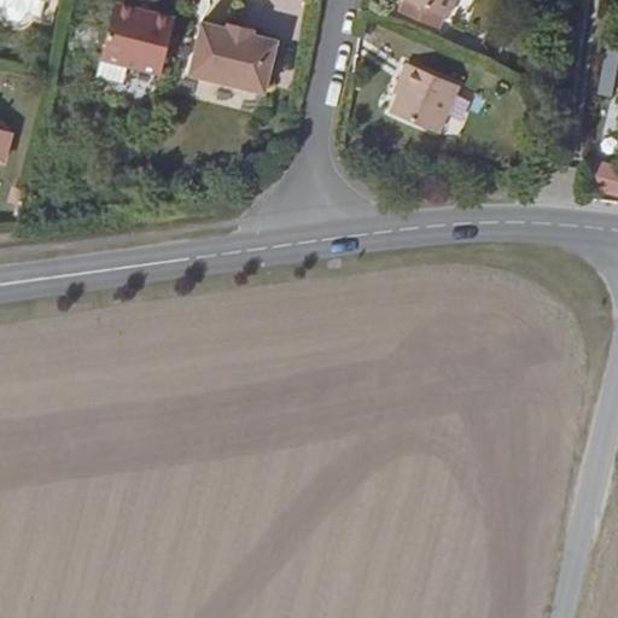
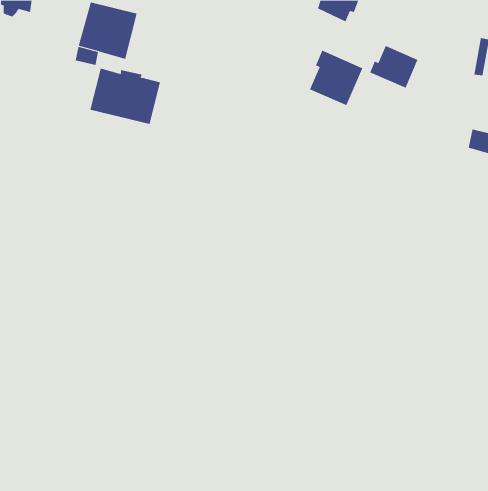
building: [190,22,279,93] -> [90,68,161,124]
building: none -> [369,45,418,88]

